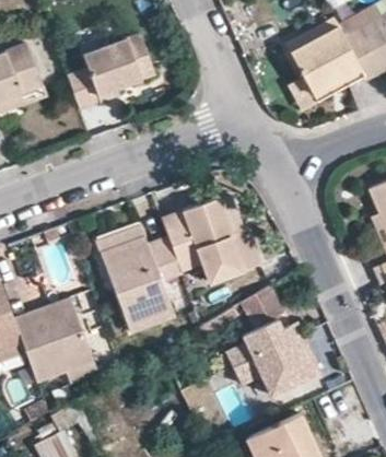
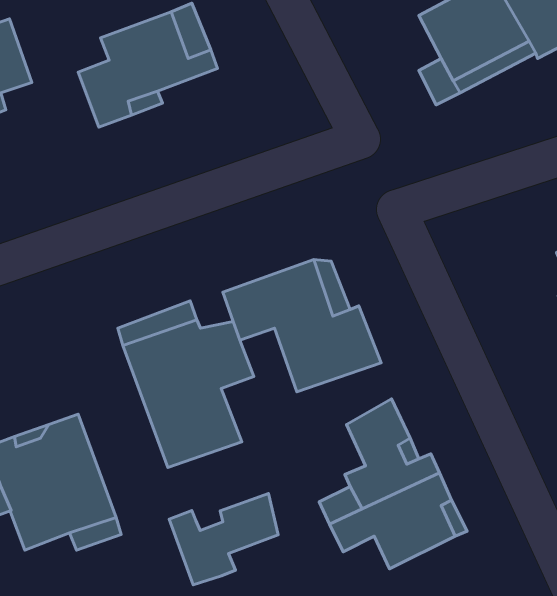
building: none -> [169,494,278,585]

